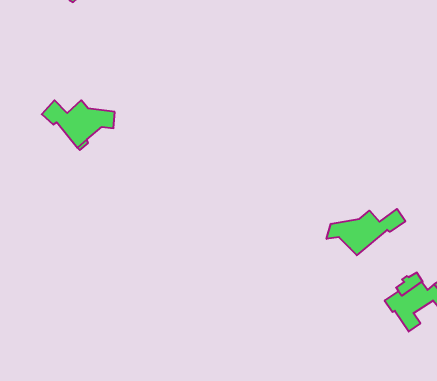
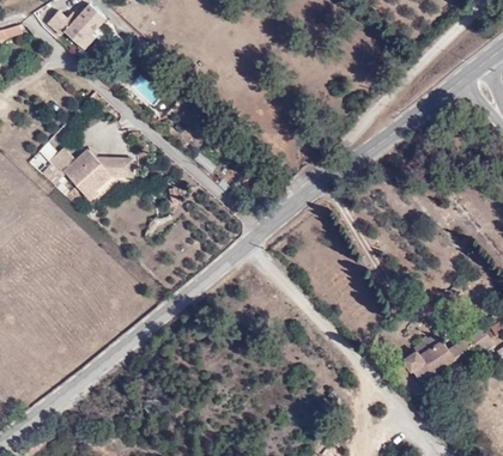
building: [327,209,405,255] -> none

